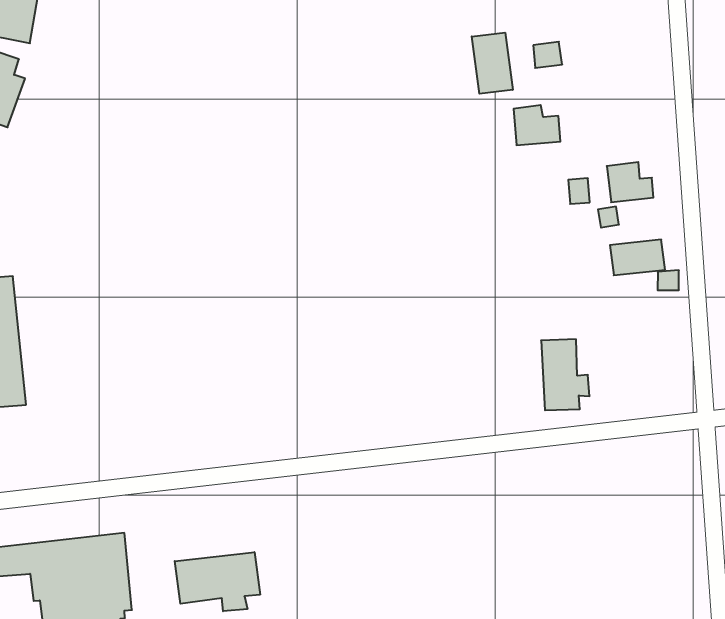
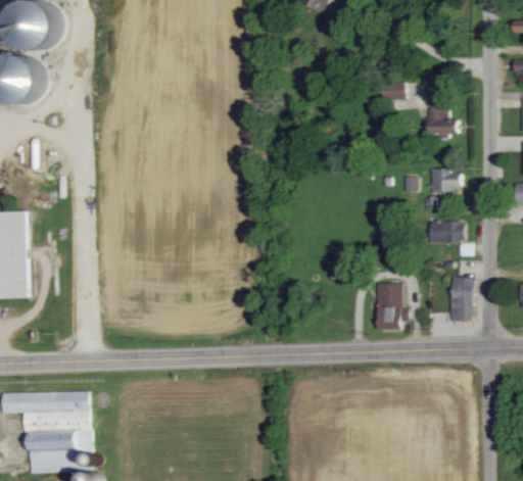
building: [472,33,513,94] -> none
building: [514,105,560,145] -> [428,108,458,134]
building: none -> [449,276,473,321]
building: [175,552,260,611] -> none

